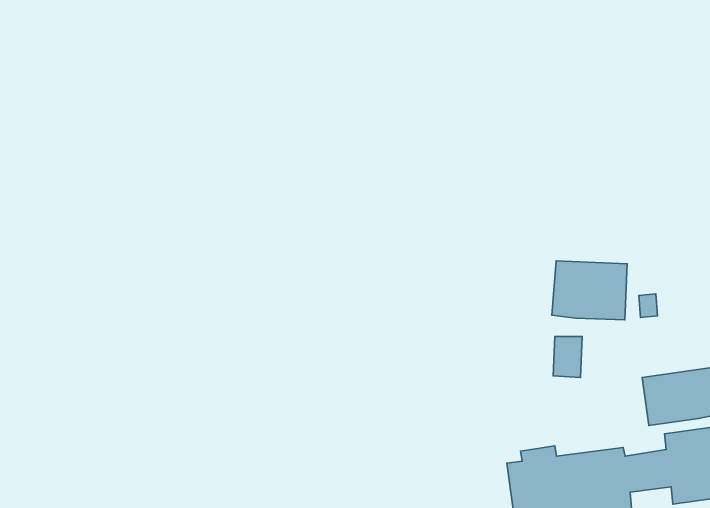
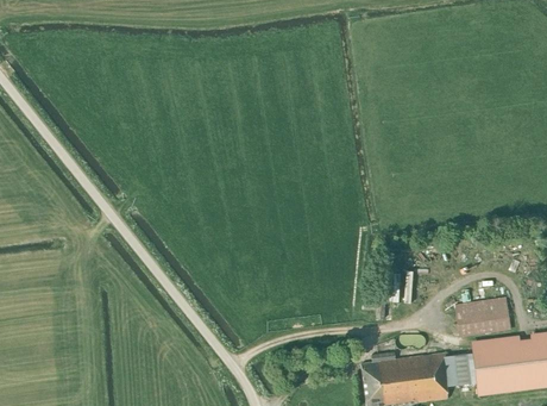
building: [552,261,627,320] -> none

